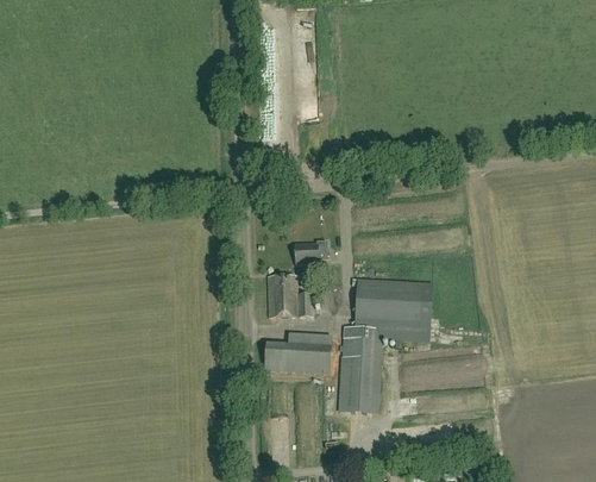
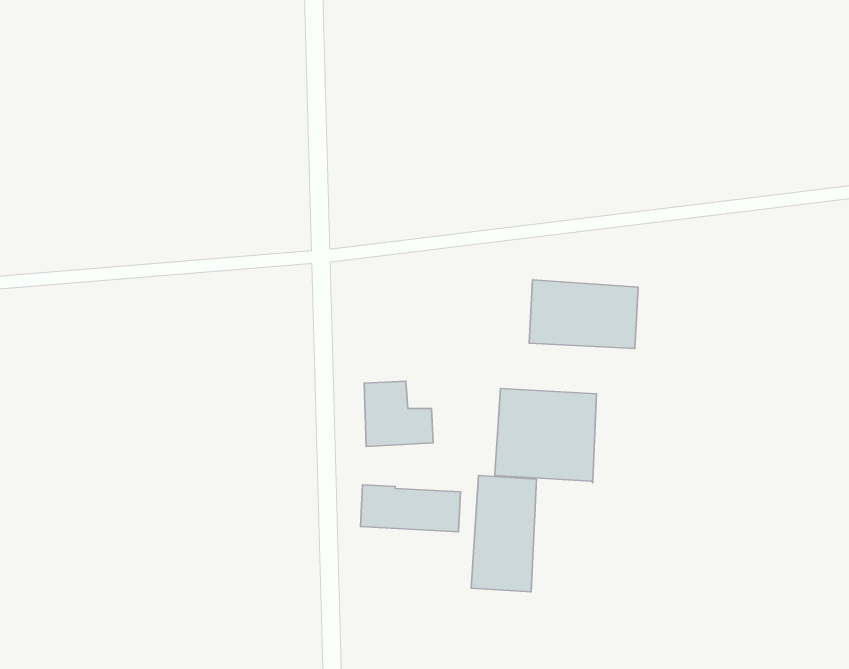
building: none -> [529,280,638,349]
building: [294,239,326,262] -> none

